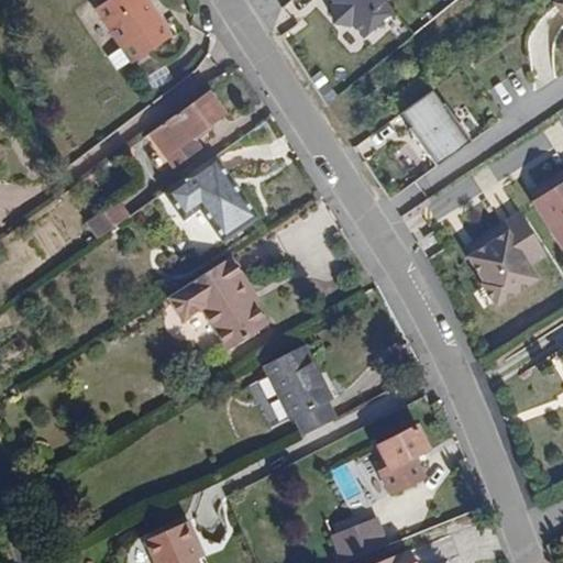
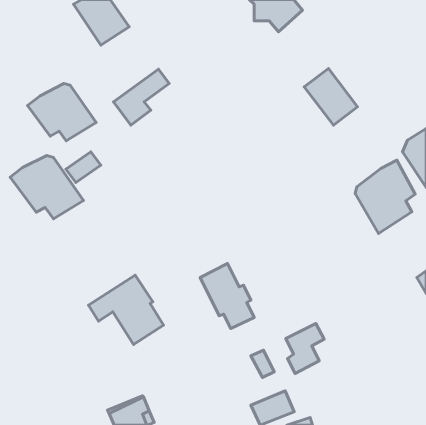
building: none -> [28,84,96,141]
building: [163,155,256,240] -> none
building: none -> [10,156,83,219]
building: [166,256,265,347] -> [89,275,164,344]

